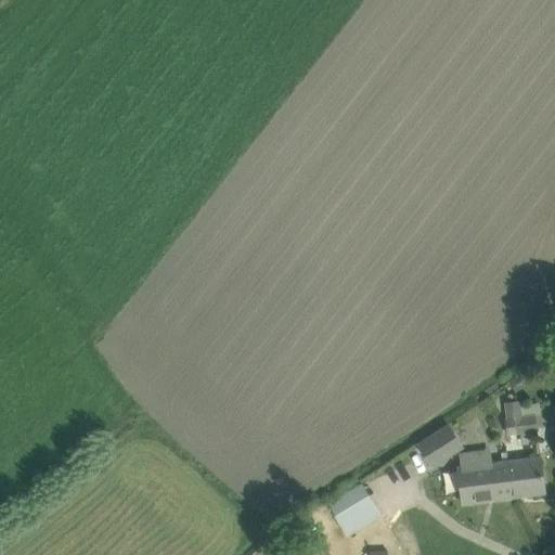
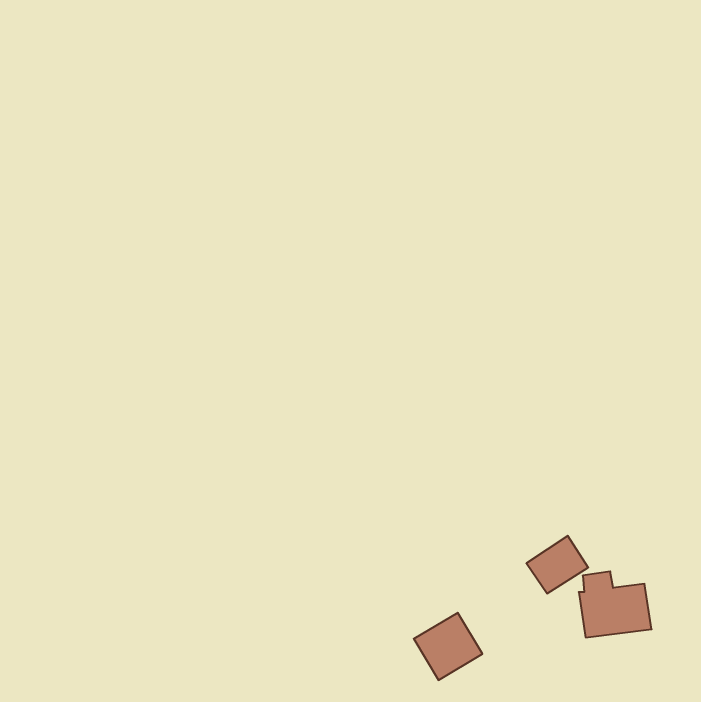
building: [504,401,535,434] -> none
building: [508,457,543,496] -> none

